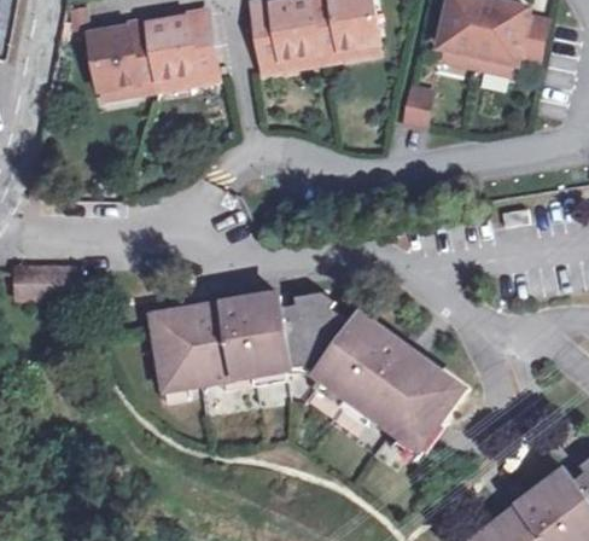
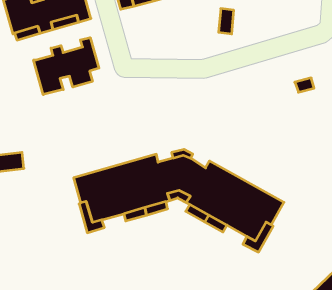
building: none -> [34,38,99,95]

